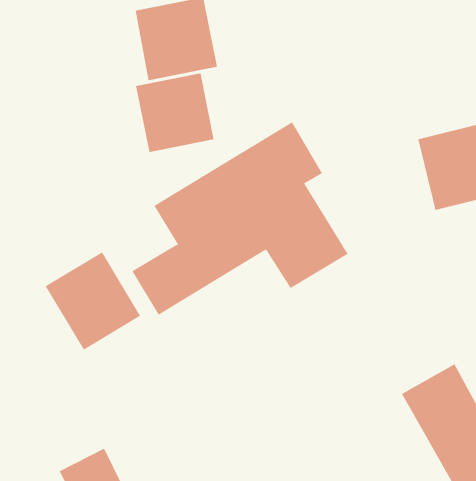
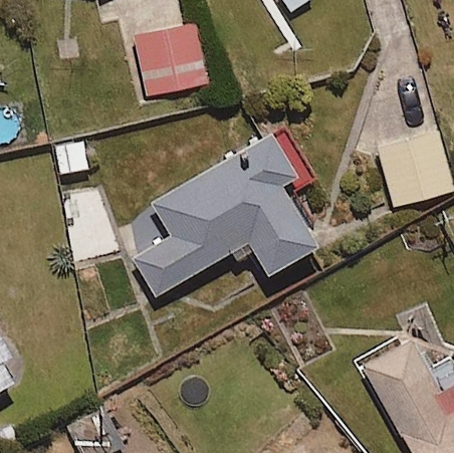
building: [136,72,214,153] -> none
building: [45,252,141,351] -> none

